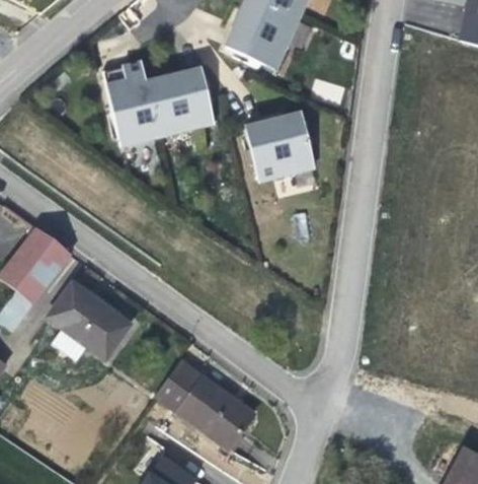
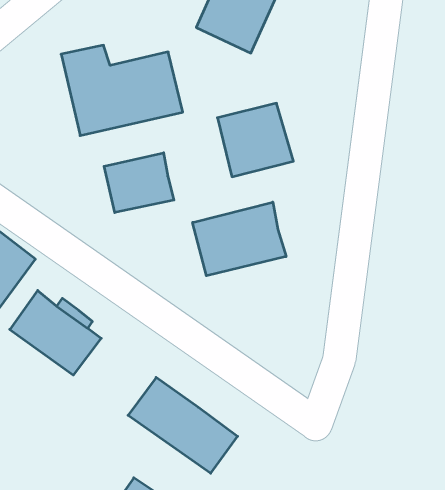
building: none -> [104,153,174,213]
building: none -> [193,202,286,276]

